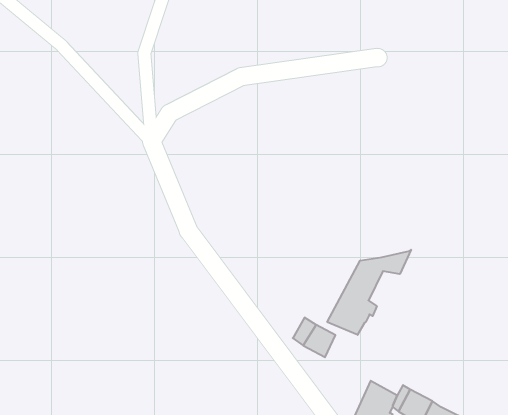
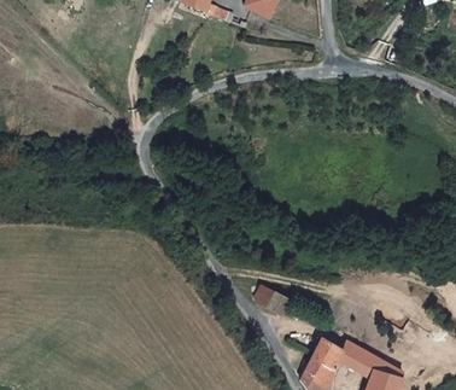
building: [327,250,411,335] -> none

